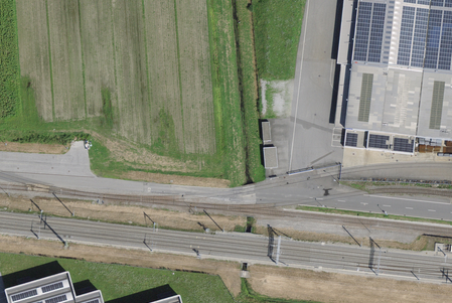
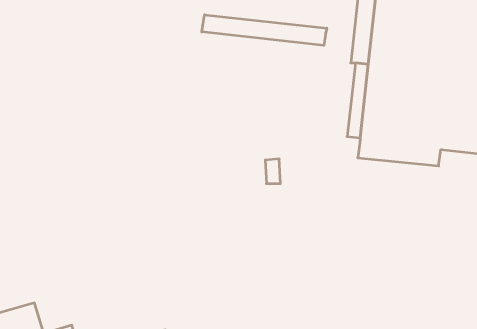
building: none -> [202,15,327,45]

